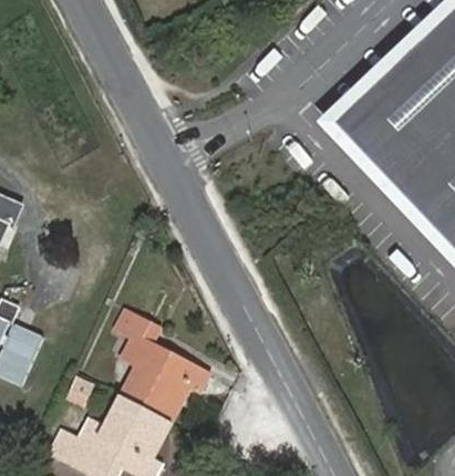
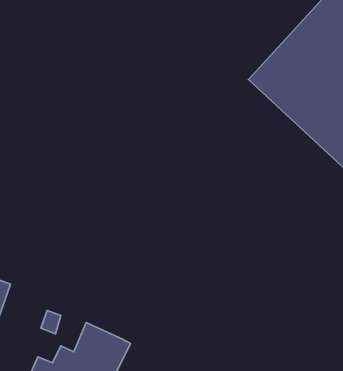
building: [116,311,208,416] -> none

